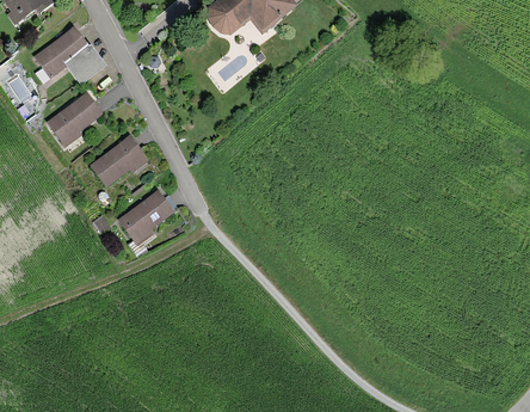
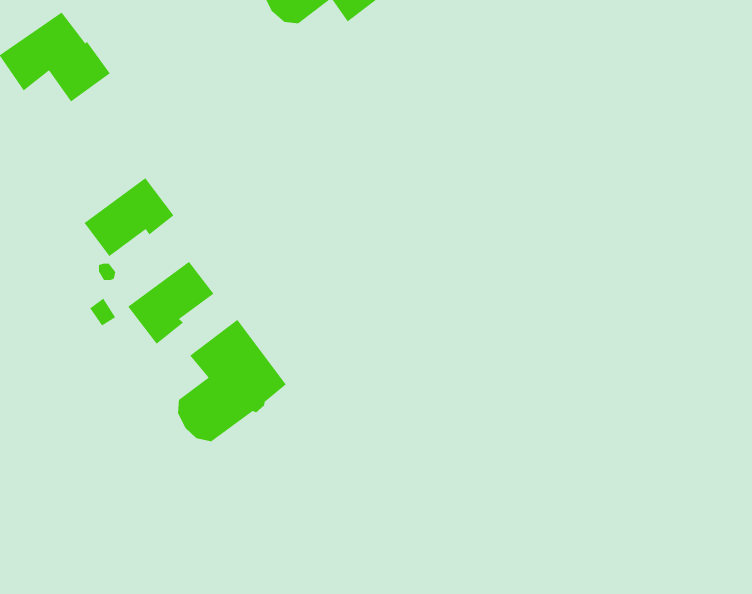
building: [45,91,103,147] -> none
building: none -> [177,319,287,442]

